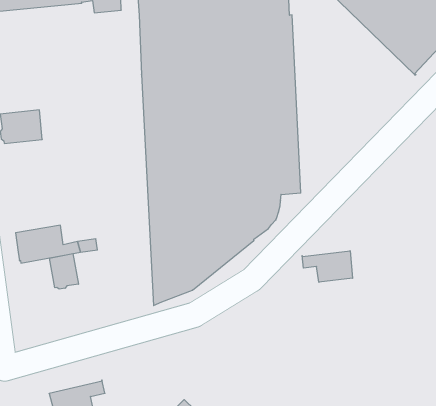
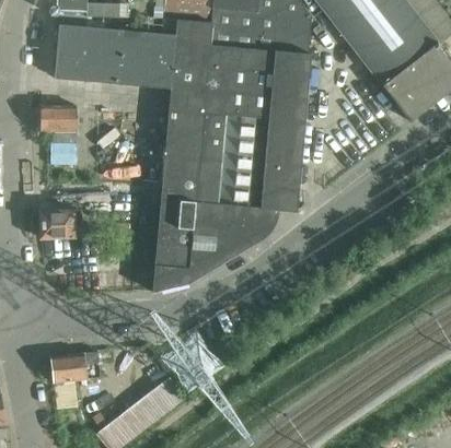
building: none -> [56,24,176,87]
building: [302,251,353,282] -> none
building: [50,254,78,289] -> none

